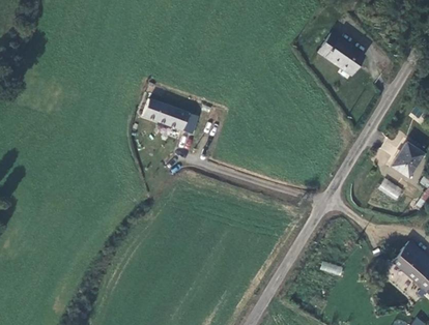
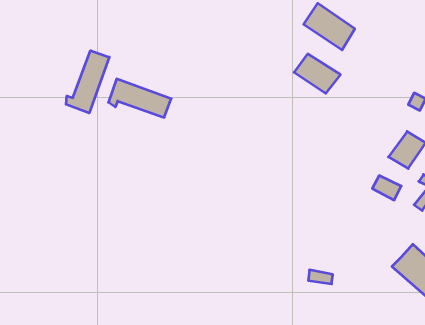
building: none -> [66,51,109,113]
building: none -> [294,54,340,93]

